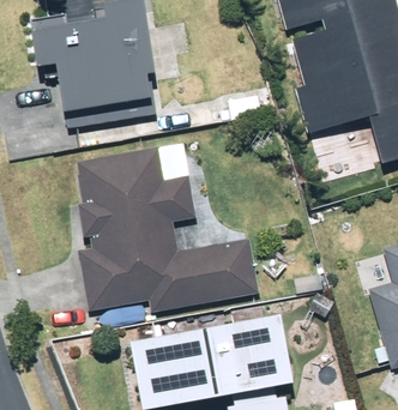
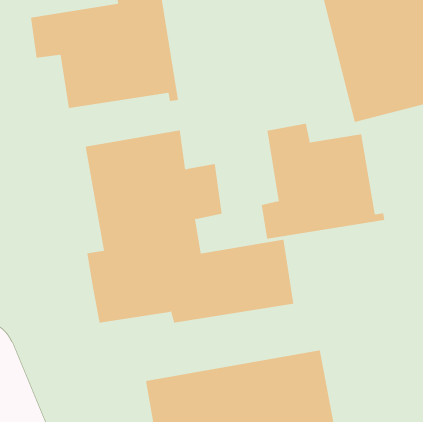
building: none -> [261,123,385,240]

